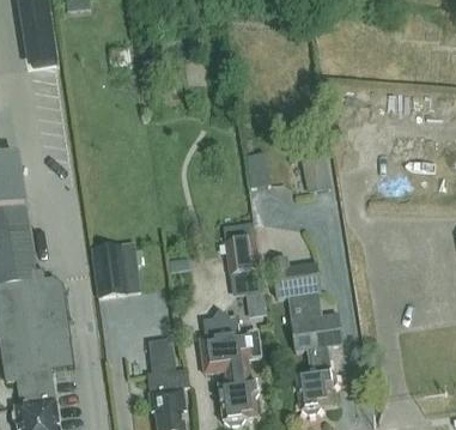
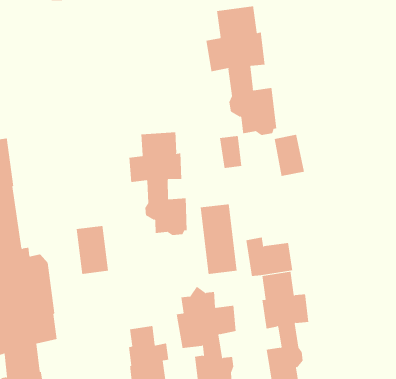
building: none -> [206,5,277,136]
building: none -> [129,131,187,236]

